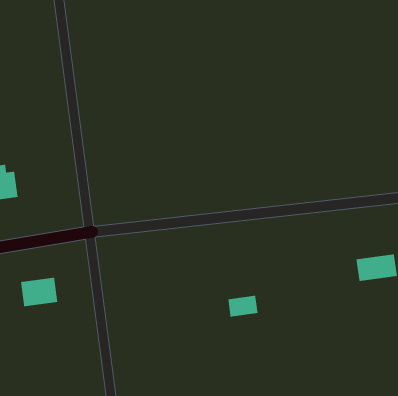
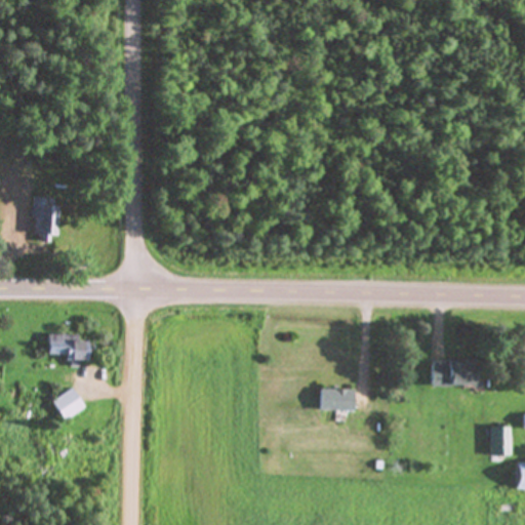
building: [227,295,258,318] -> [321,389,354,410]
building: none -> [53,388,87,420]

